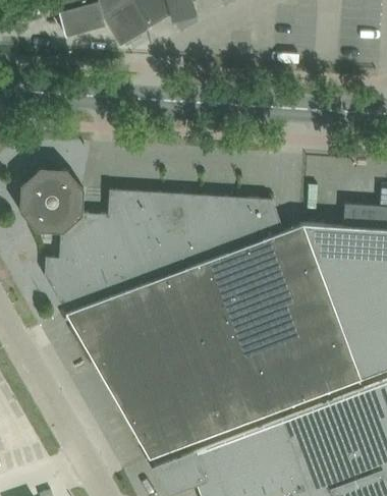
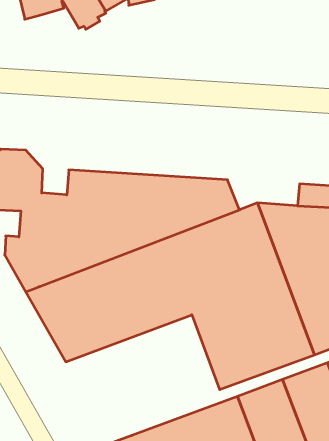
building: [107,338,264,458] -> none

